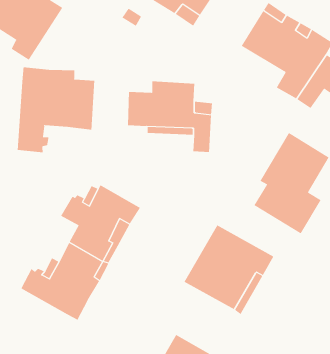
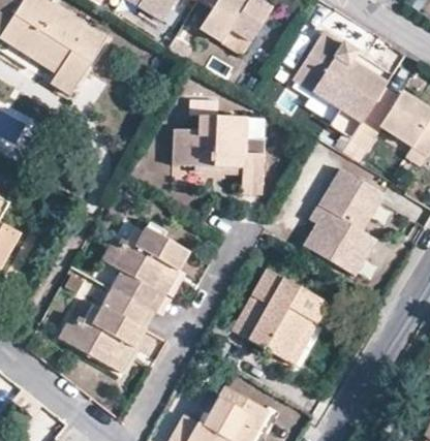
building: [17,66,95,153] -> none

